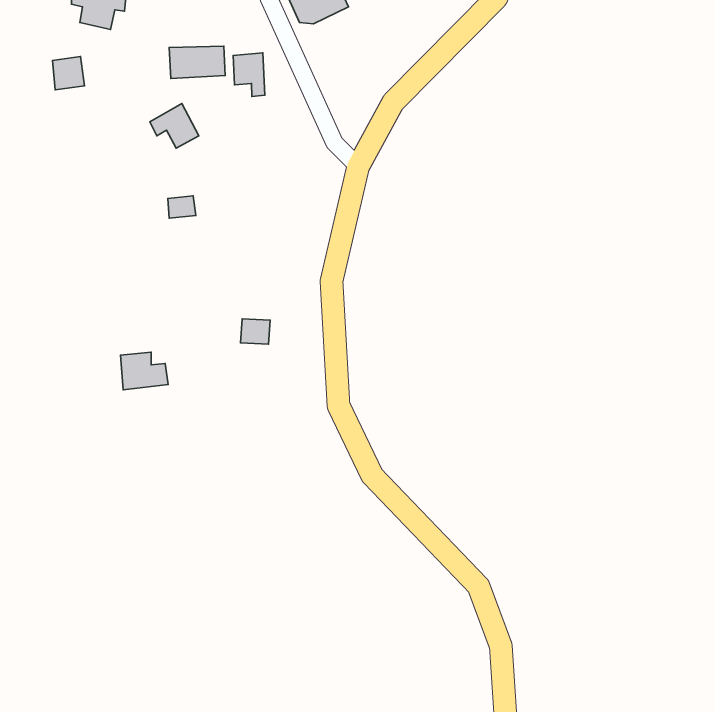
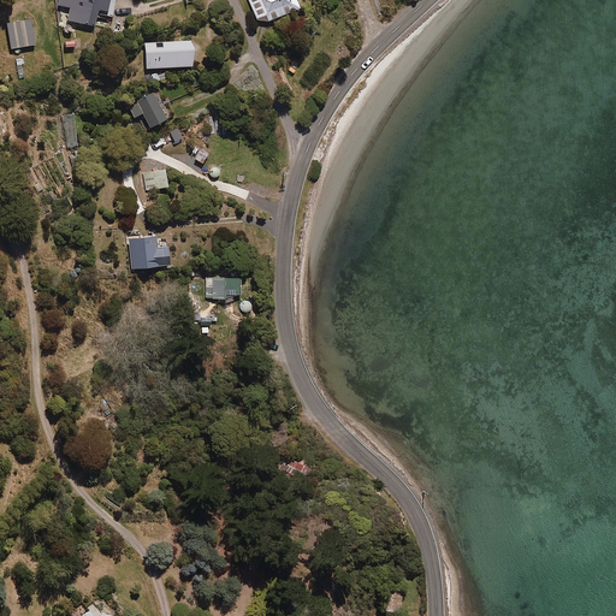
building: [233,53,265,97] -> none
building: [52,56,85,90] -> [7,18,35,47]
building: [121,352,168,390] -> [130,237,171,270]

